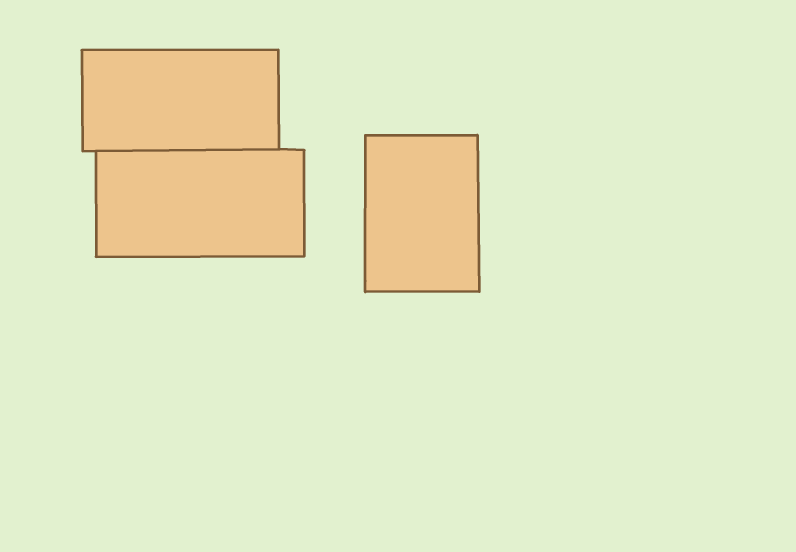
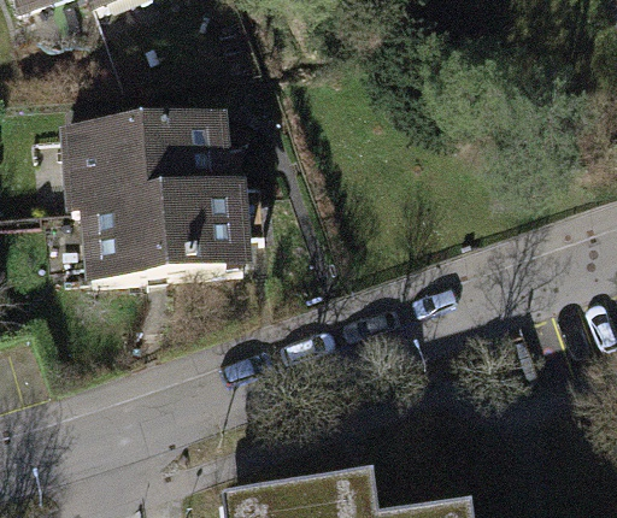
building: [365,135,479,292] -> none

